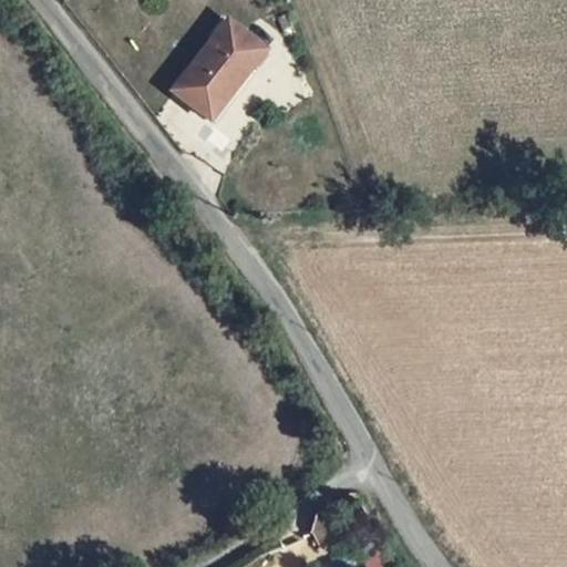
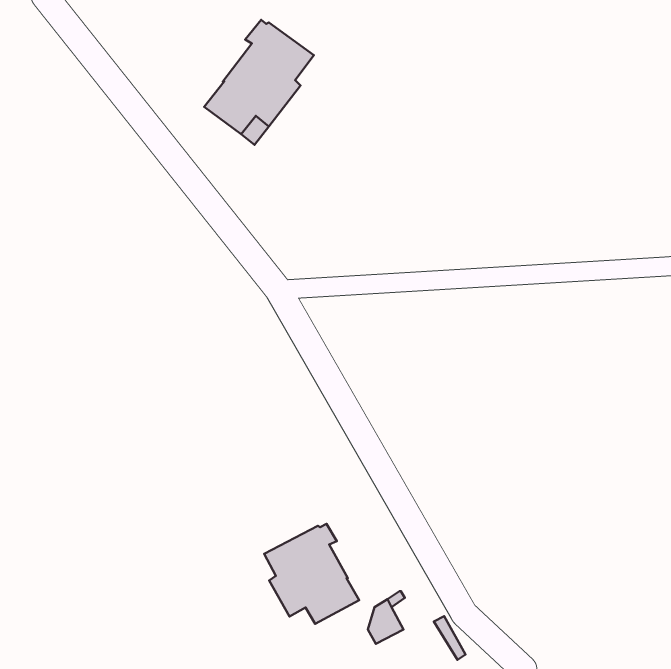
building: none -> [264,524,359,624]

